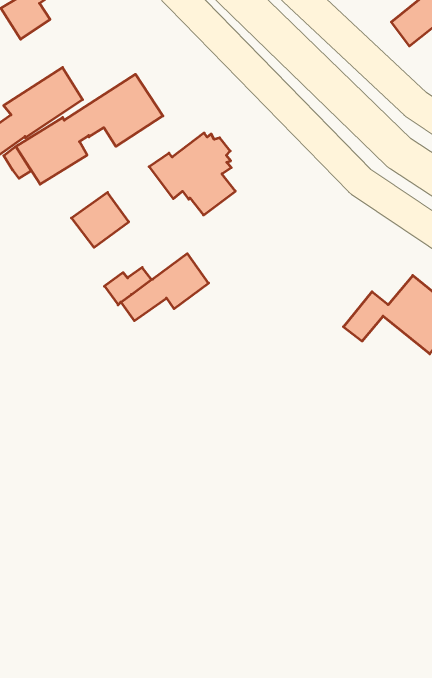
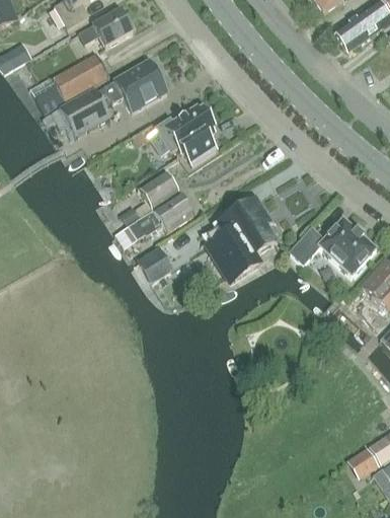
building: none -> [79,9,133,48]
building: [71,192,129,247] -> [138,170,179,210]
building: none -> [213,199,275,282]
building: none -> [138,247,172,282]

